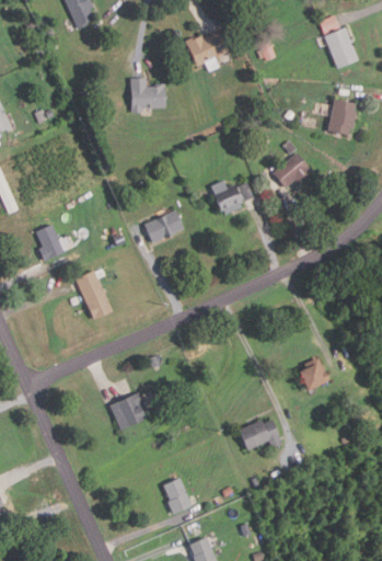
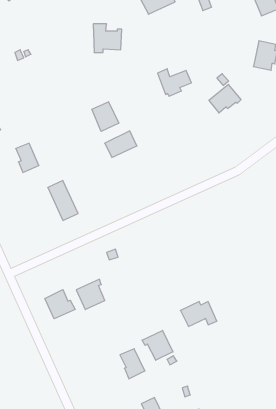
building: none -> [92,102,119,131]
building: [211,180,253,214] -> [158,69,191,96]
building: [299,357,327,391] -> none
building: none -> [45,290,75,319]
building: none -> [142,330,173,360]

